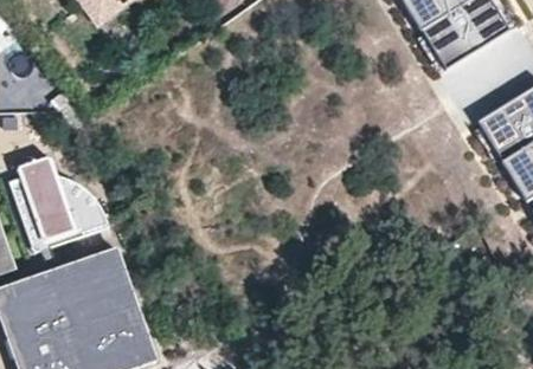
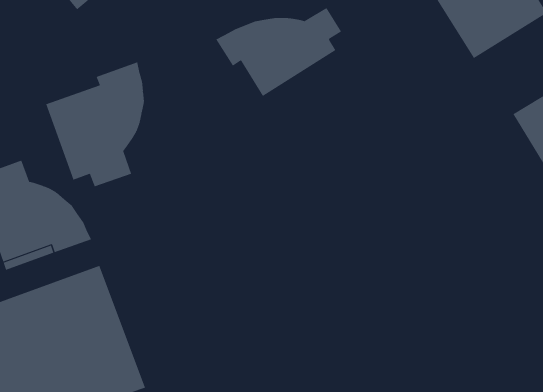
building: none -> [216,7,342,97]
building: none -> [45,62,144,187]

